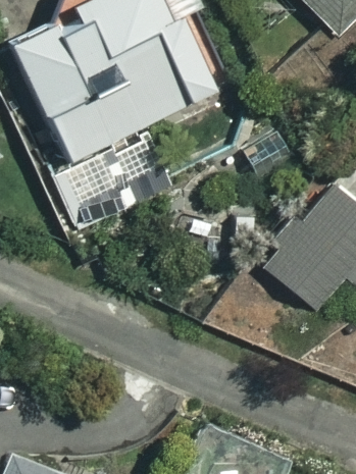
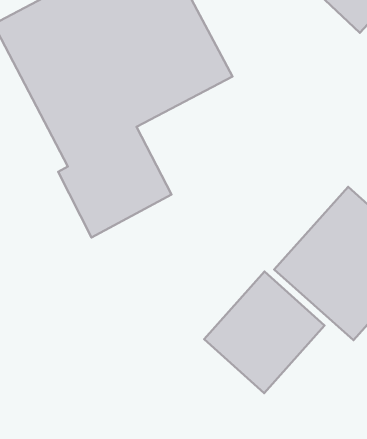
building: none -> [204,272,325,393]

